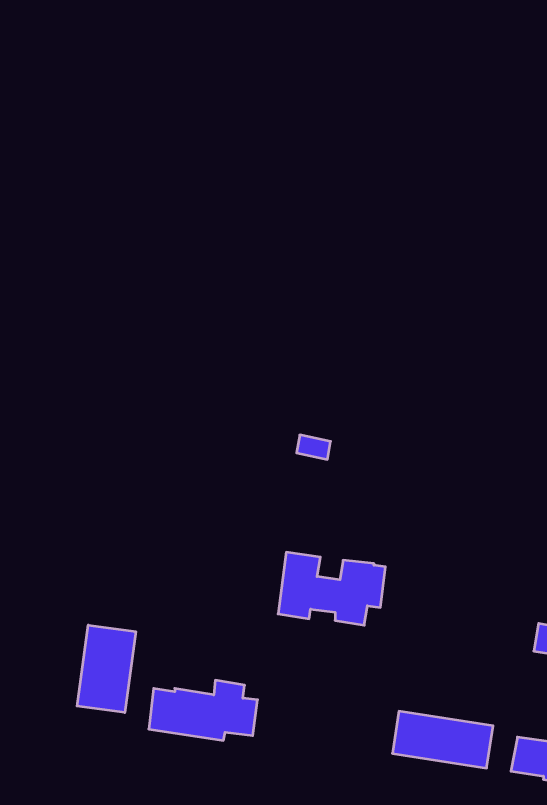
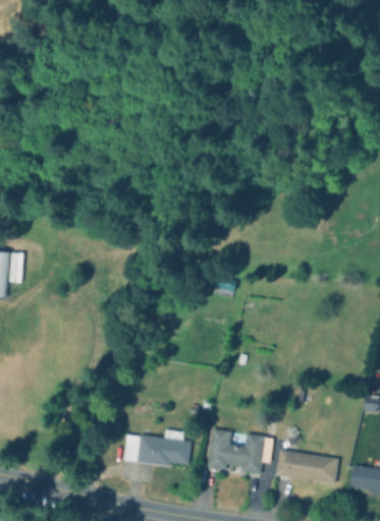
building: [278,552,385,625] -> [206,429,273,475]
building: [77,625,136,713] -> none

